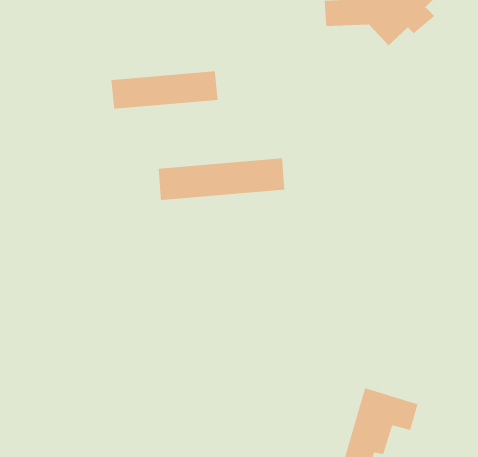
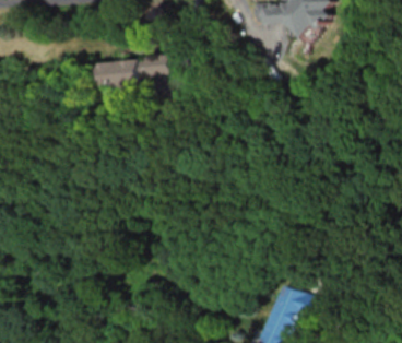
building: [158,158,285,201] -> none

